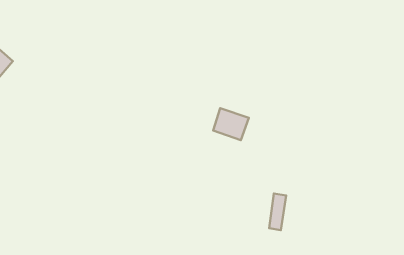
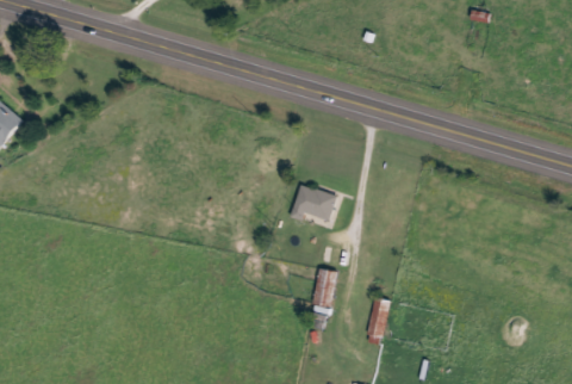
building: none -> [312,268,337,309]

